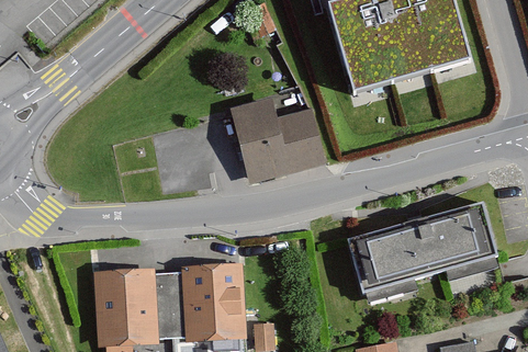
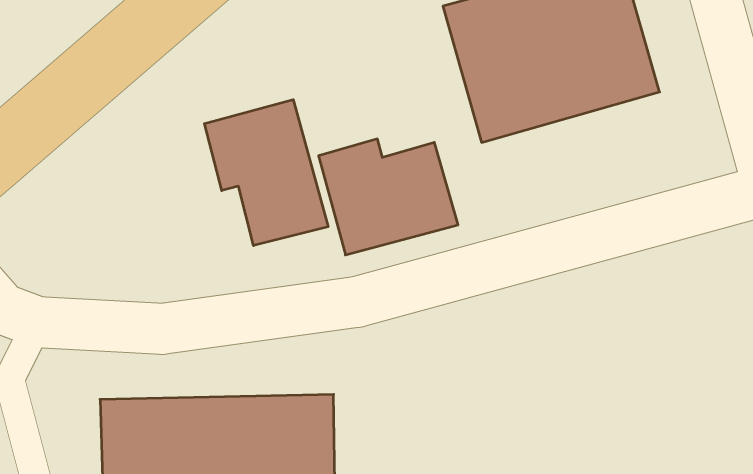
building: none -> [204,100,328,246]
building: [350,201,505,297] -> none

